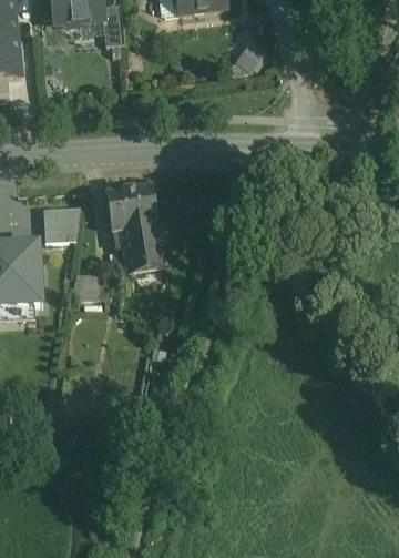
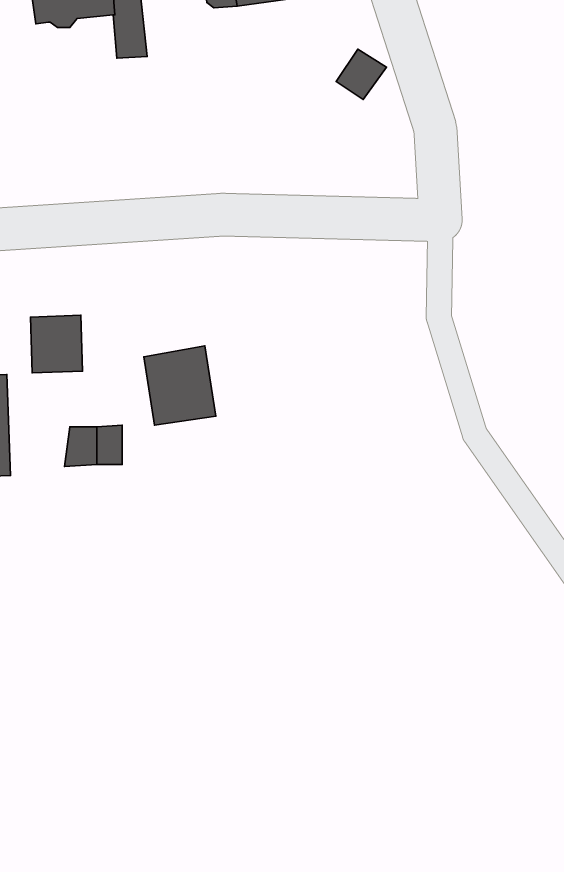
building: [103,184,157,232] -> none

